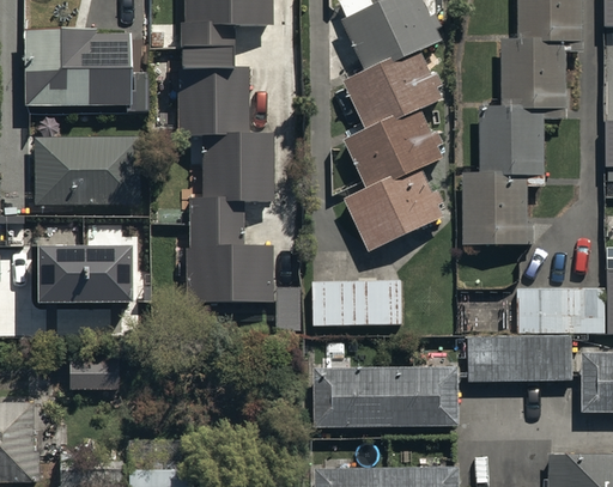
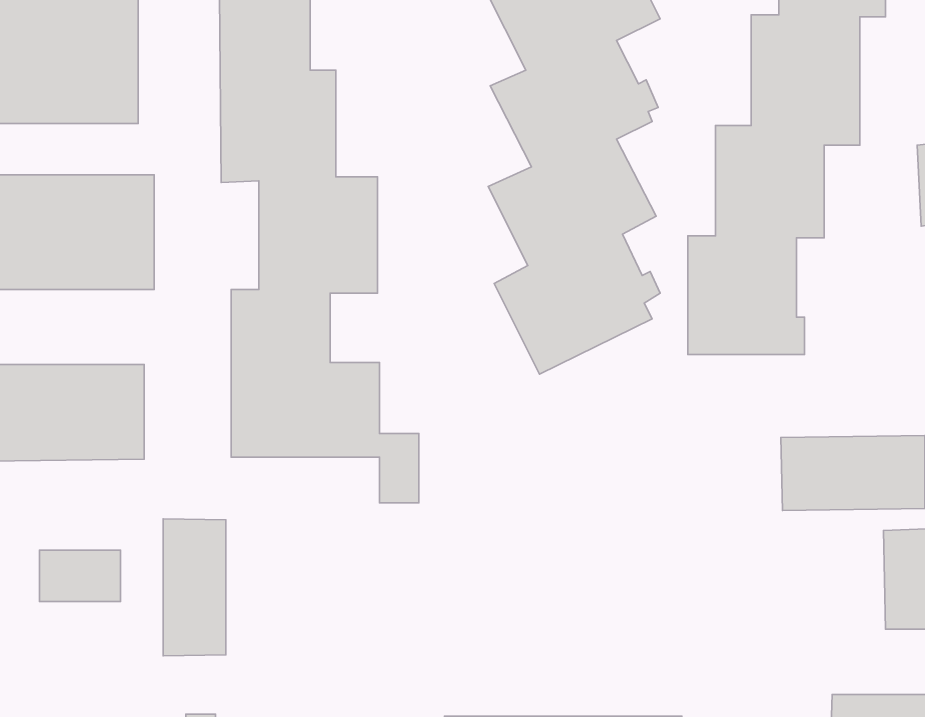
building: [314,281,403,328] -> none
building: [466,340,572,389] -> none
building: none -> [163,519,226,656]
building: [314,364,457,425] -> none

